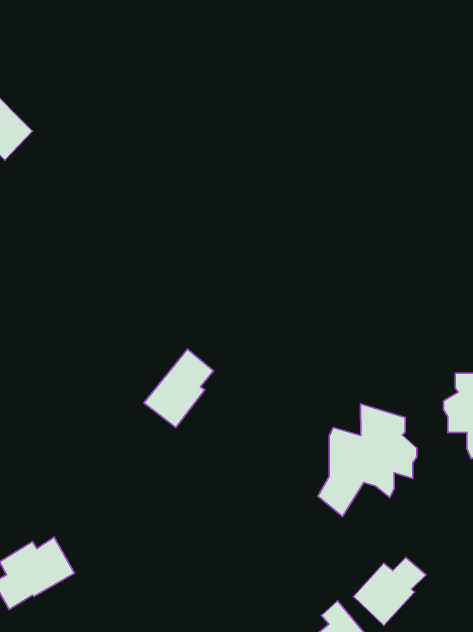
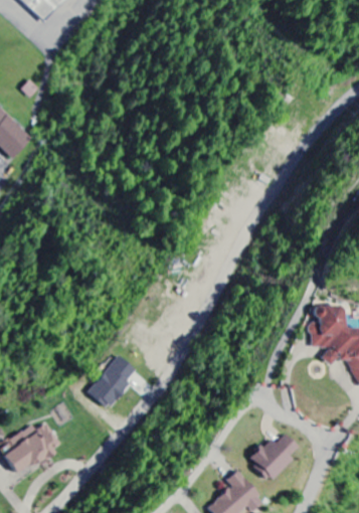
building: [144,349,214,427] -> [83,355,132,409]
building: [318,404,417,516] -> none

